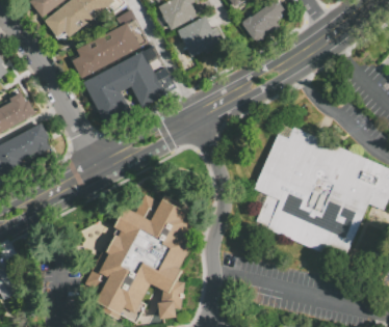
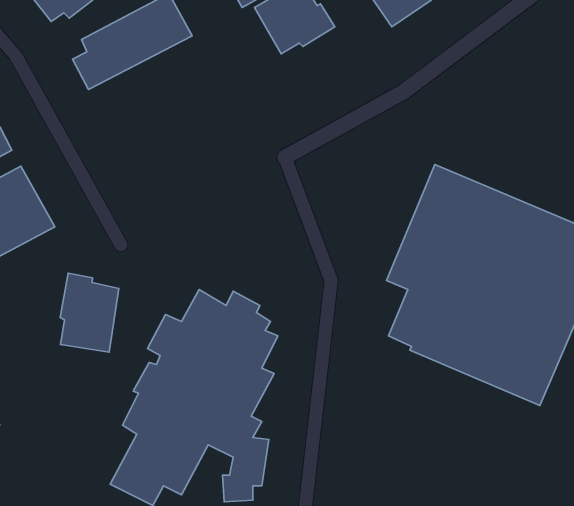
building: [82,44,177,125] -> none
building: none -> [60,273,119,352]

